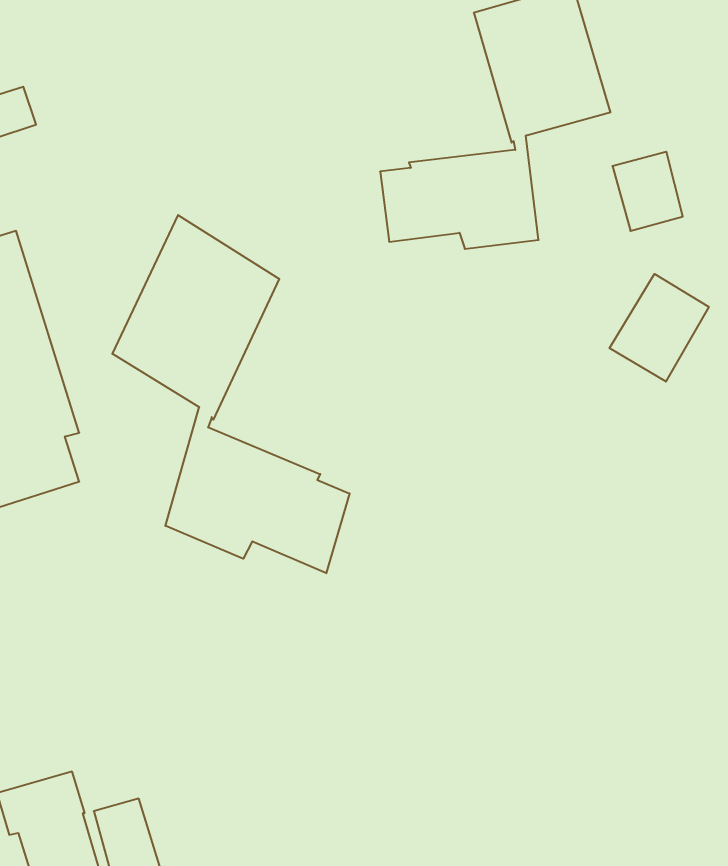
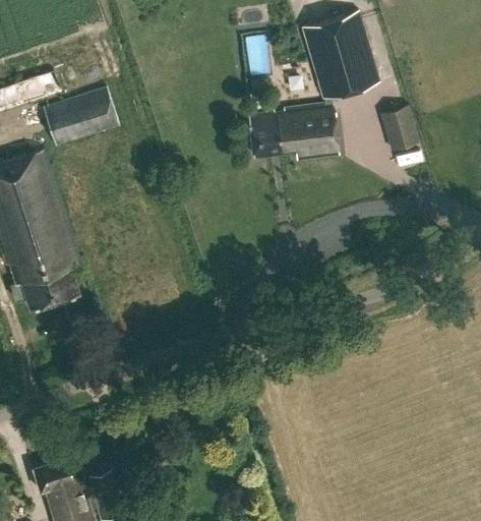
building: none -> [45,89,119,147]
building: [112,215,350,573] -> none
building: [610,274,709,382] -> none

